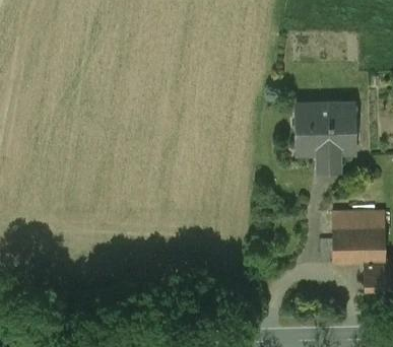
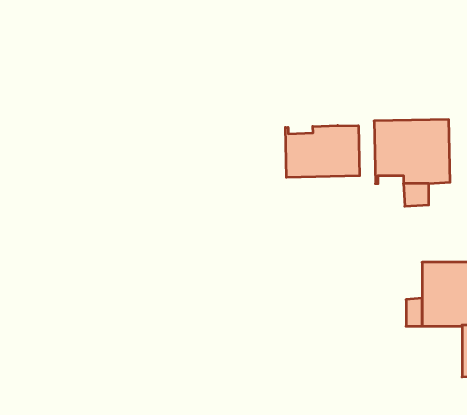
building: none -> [285,125,360,177]

